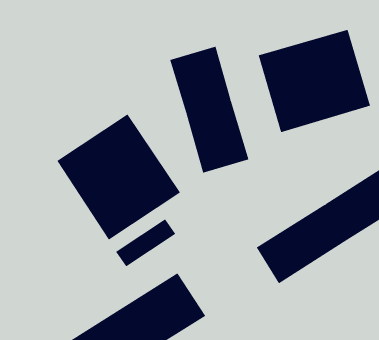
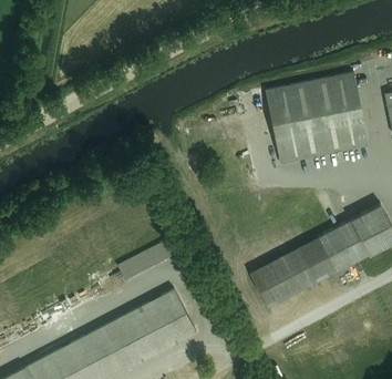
building: [170,46,249,173] -> none
building: [56,113,181,241] -> none

